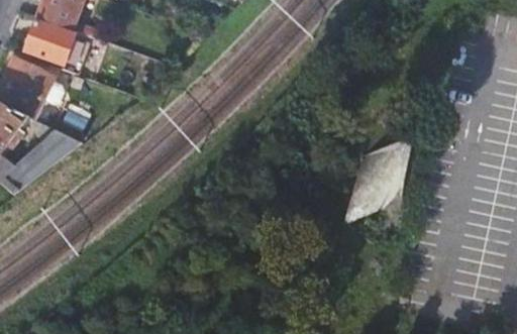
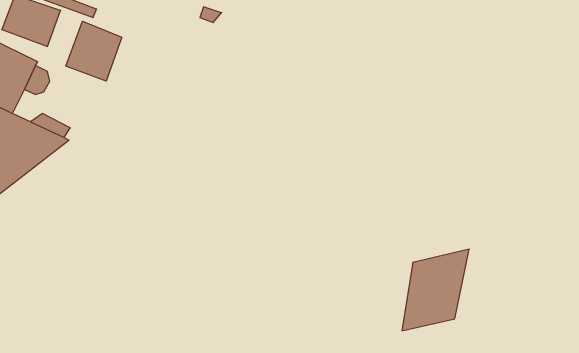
building: none -> [66,21,122,81]
building: [352,144,409,213] -> [402,249,469,331]

